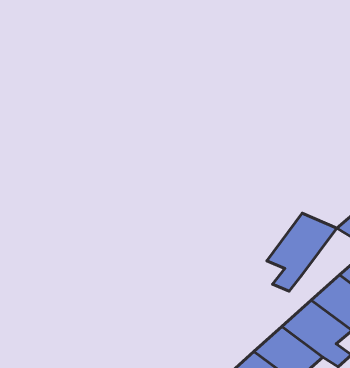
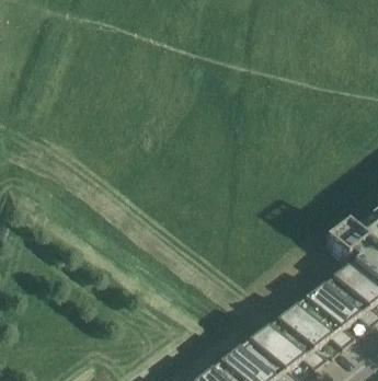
building: [267,213,337,291] -> none

